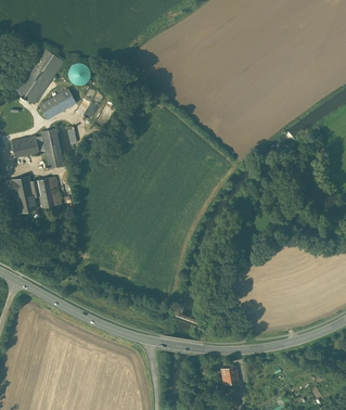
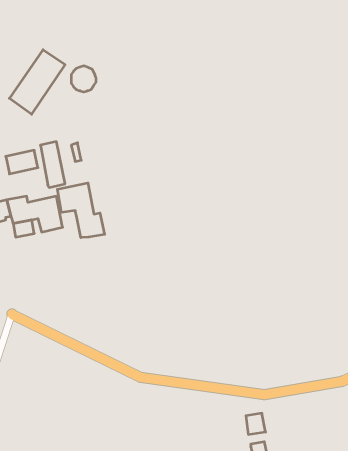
building: [40,89,77,119] -> none
building: none -> [57,183,105,238]

